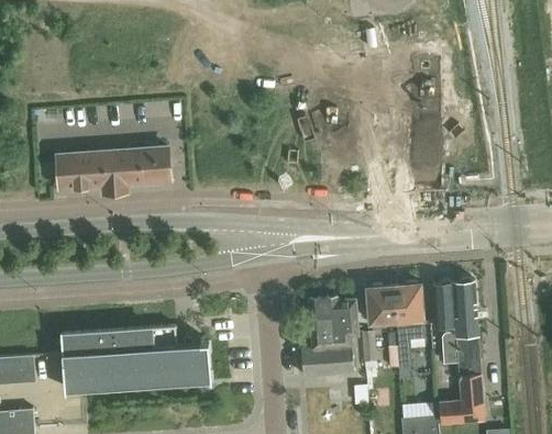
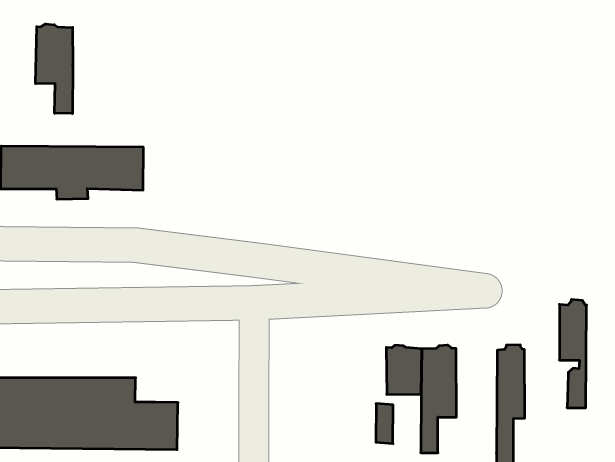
building: none -> [36,24,73,114]
building: [431,280,457,364] -> [559,300,587,408]
building: [301,298,357,377] -> none

